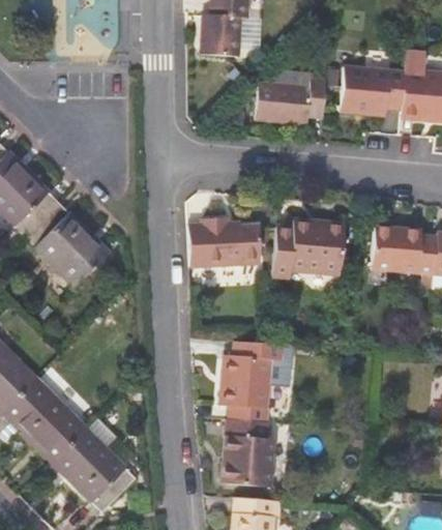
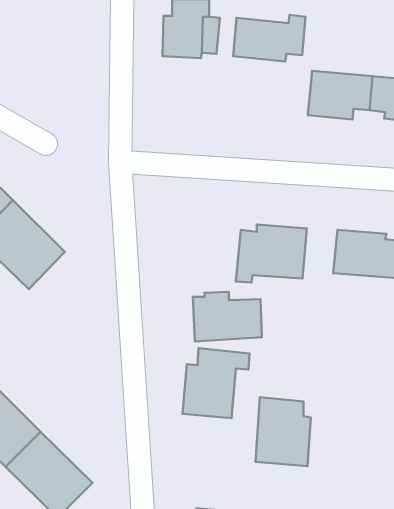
building: [258,80,328,125] -> [233,15,305,61]
building: [189,215,257,264] -> [193,292,262,341]
building: [220,419,274,487] -> [256,397,311,466]

